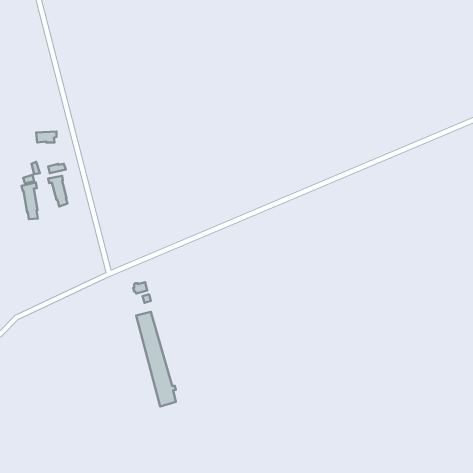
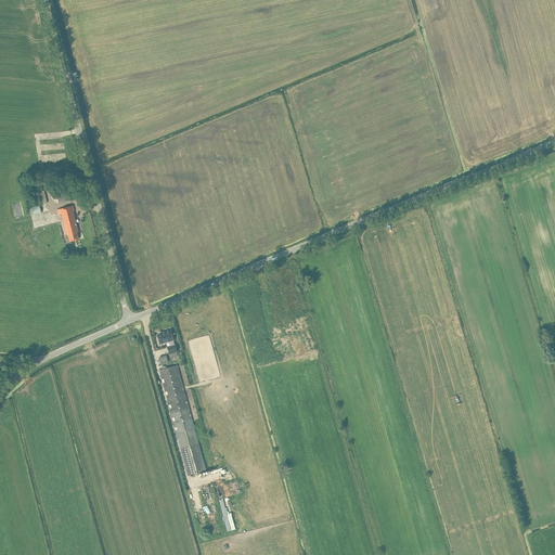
building: [22,183,38,219] -> none

